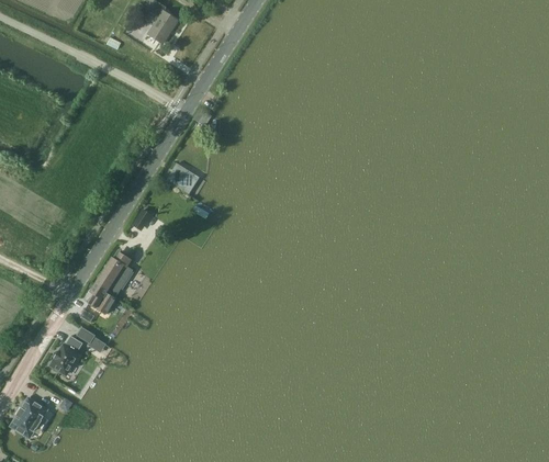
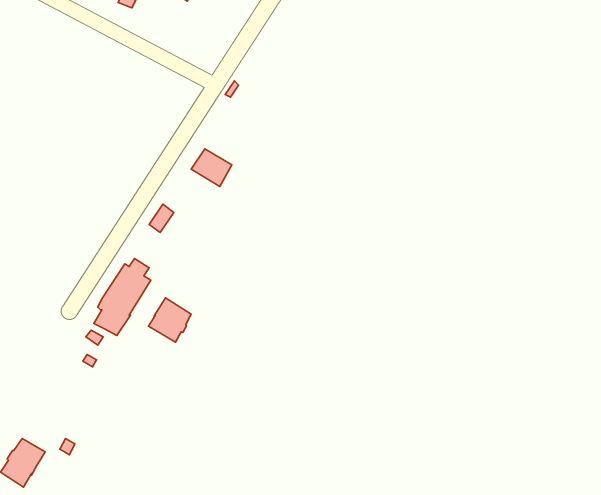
building: none -> [149,298,191,342]
building: [51,336,85,375] -> none

